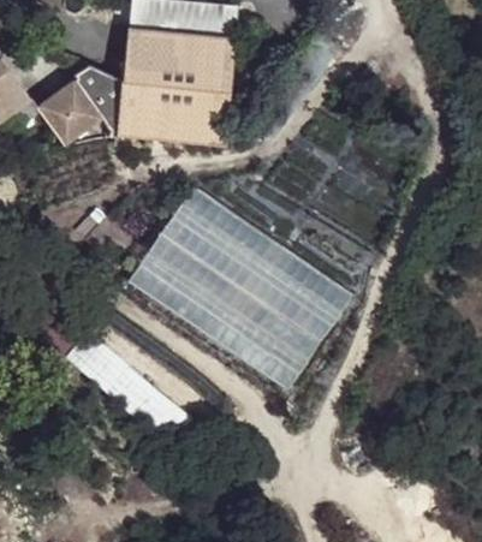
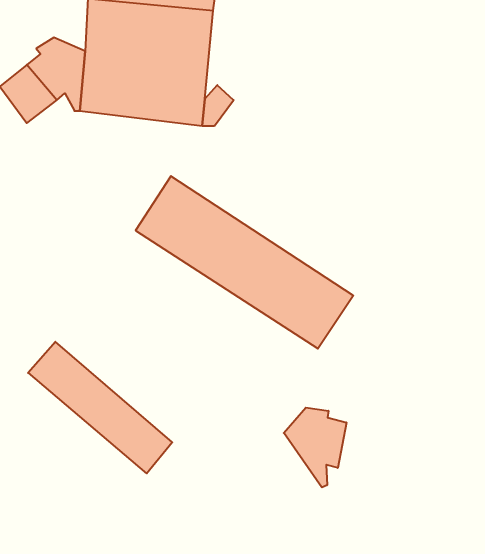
building: [127,234,321,388] -> none
building: none -> [284,408,346,487]

